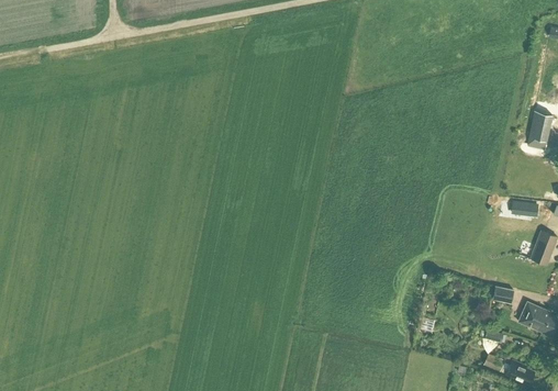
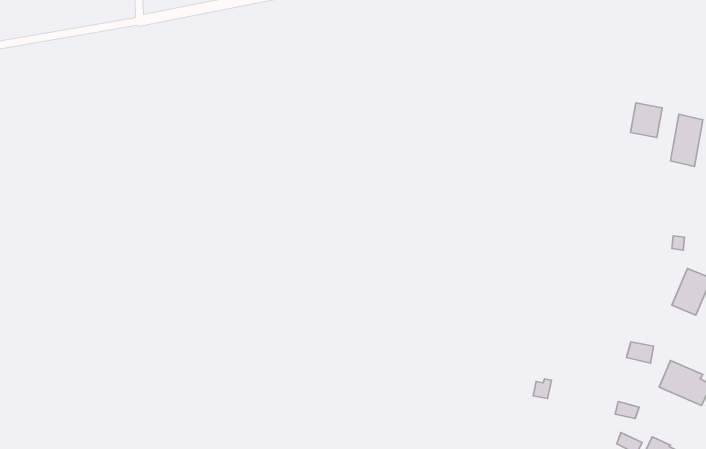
building: none -> [631,103,662,138]

